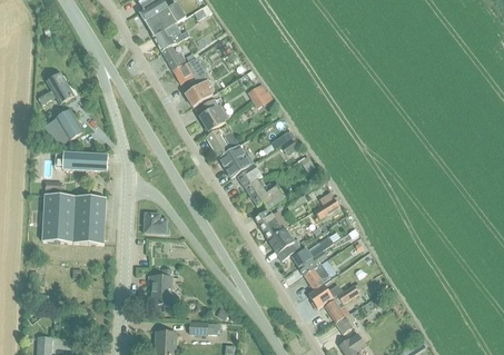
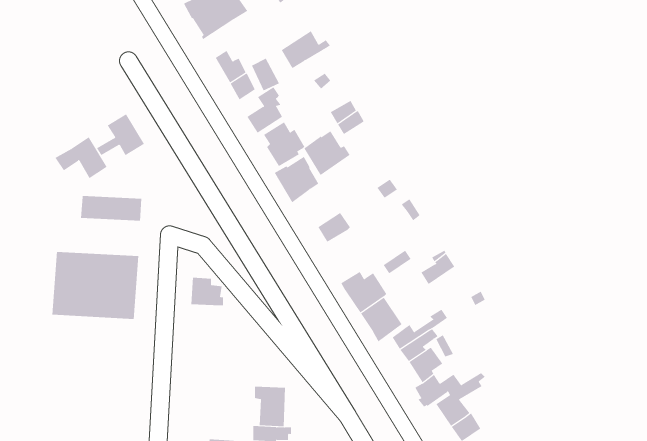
building: [152,23,189,51] -> [281,30,331,68]
building: [38,72,73,103] -> [96,113,145,156]
building: [218,145,253,178] -> [304,130,350,176]
building: [244,178,285,208] -> none
building: [148,275,171,305] -> [254,386,286,427]

